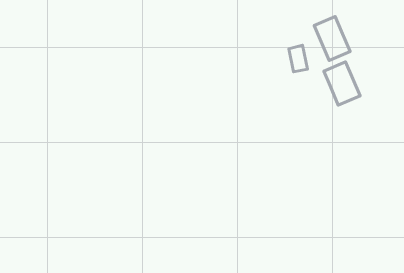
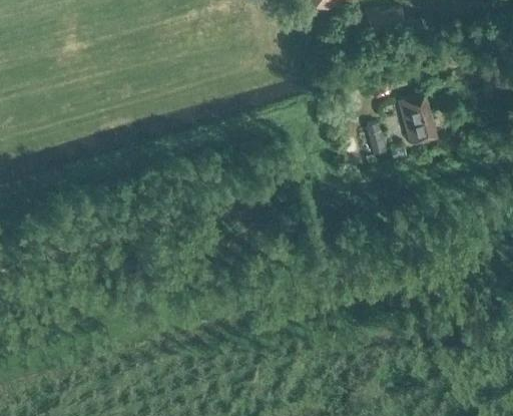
building: [324,62,360,105] -> none

